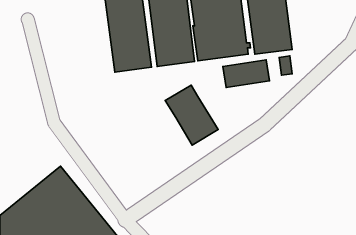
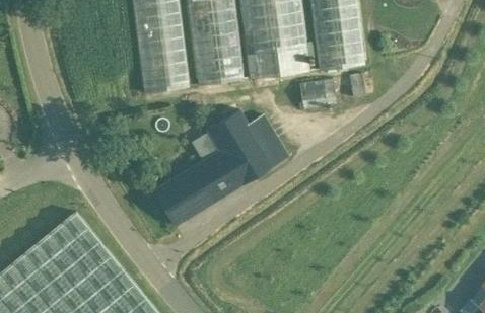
building: none -> [248,114,287,165]
building: none -> [154,150,240,224]

